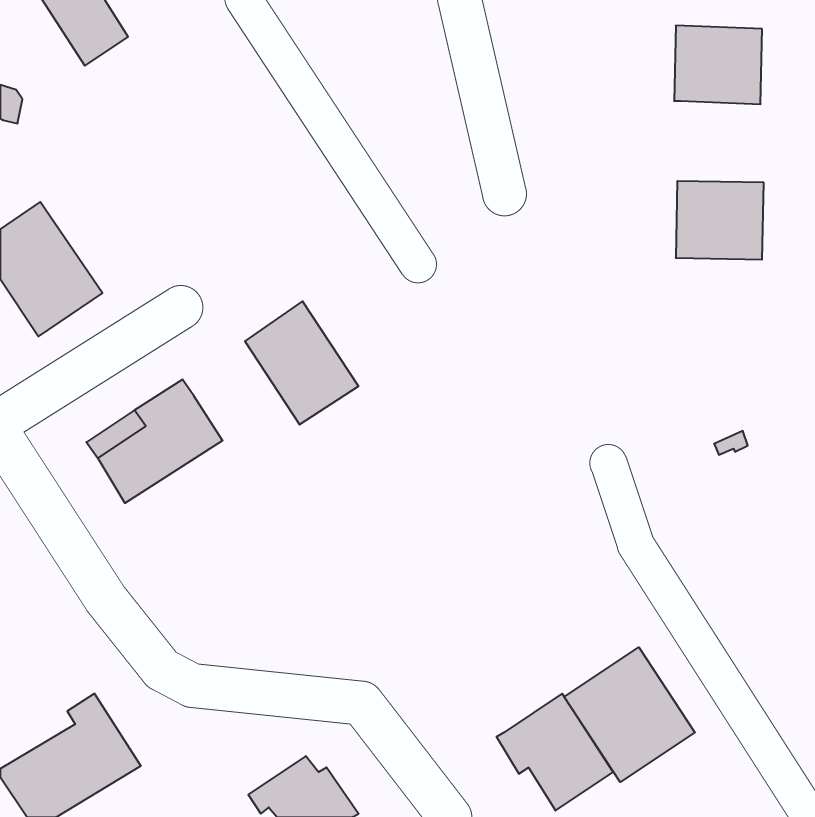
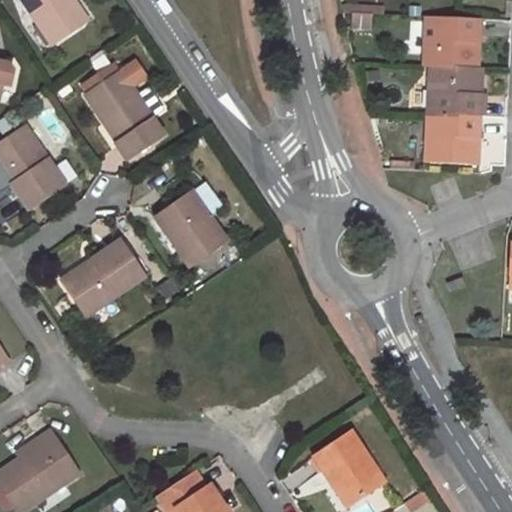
building: none -> [425,63,481,114]
building: none -> [86,74,160,159]
building: [564,647,695,782] -> none

